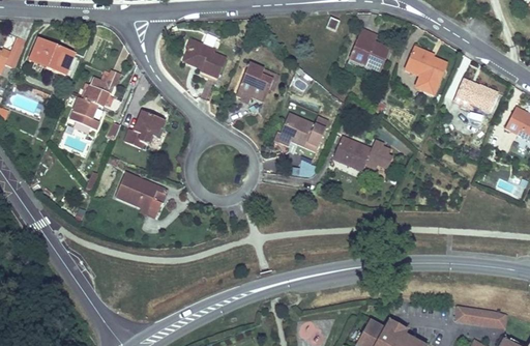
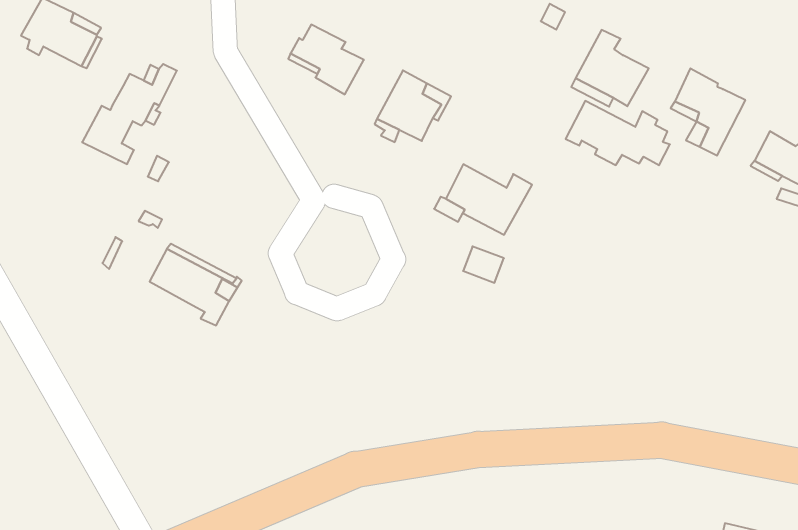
building: [124,110,165,147] -> none
building: [332,135,392,170] -> [566,101,670,165]

